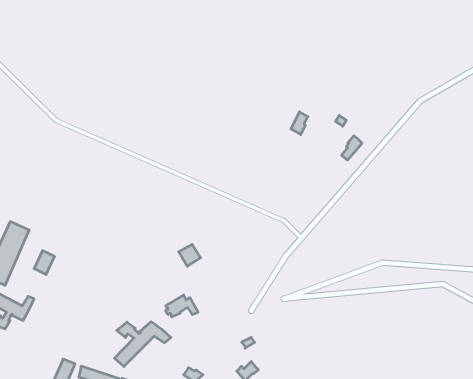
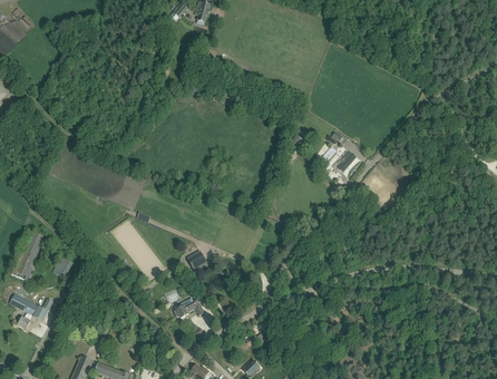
building: [115,322,171,367] -> none

